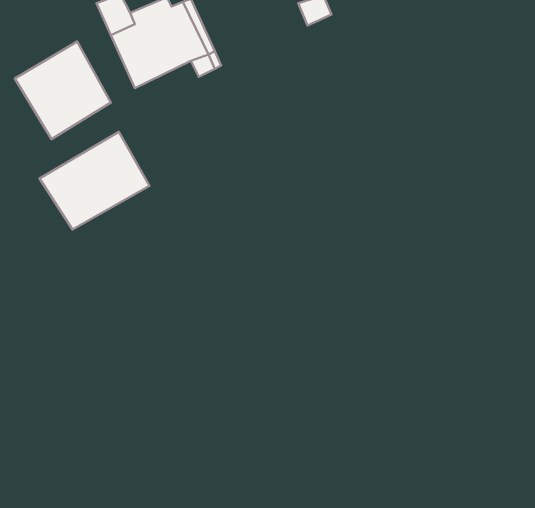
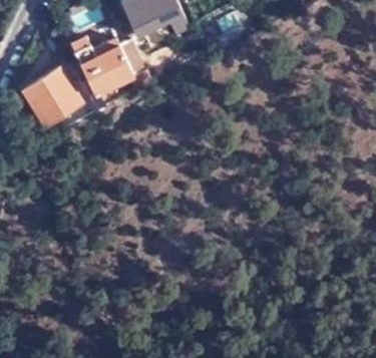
building: [40,132,150,230] -> none

